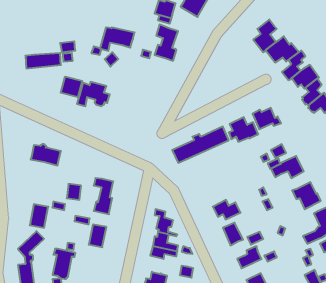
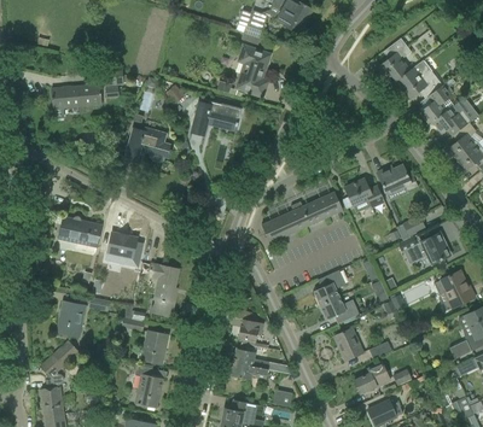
building: [100,27,135,51] -> [192,101,242,135]
building: [61,77,82,97] -> none
building: none -> [106,232,142,265]
building: none -> [314,269,347,305]
building: [53,249,75,279] -> [135,365,168,409]

